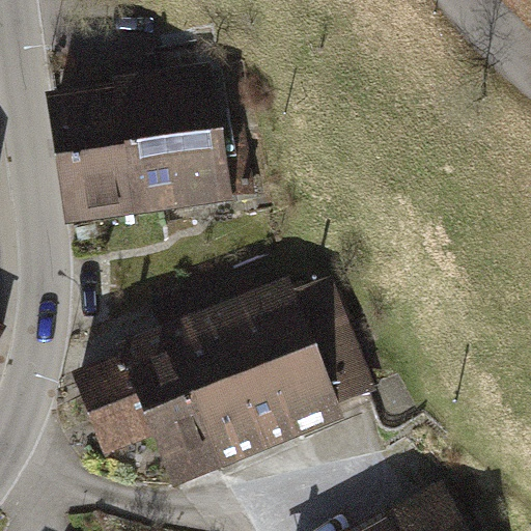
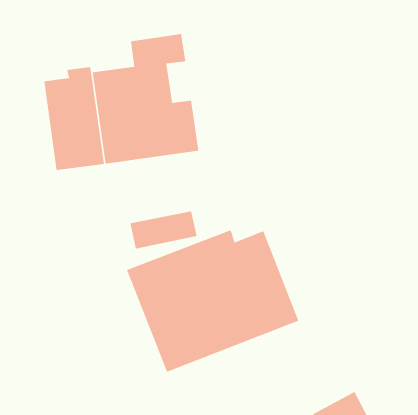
building: [61,346,211,497] -> none

